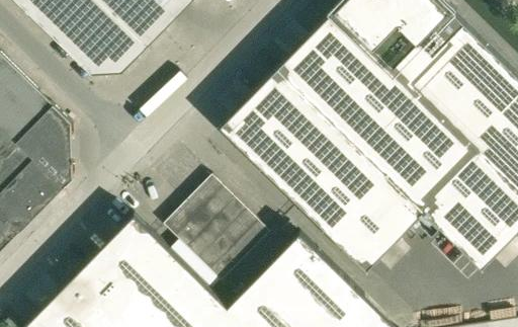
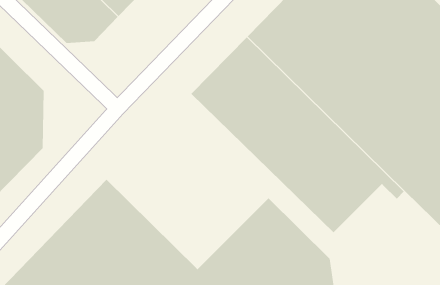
building: [163,176,269,282] -> none

